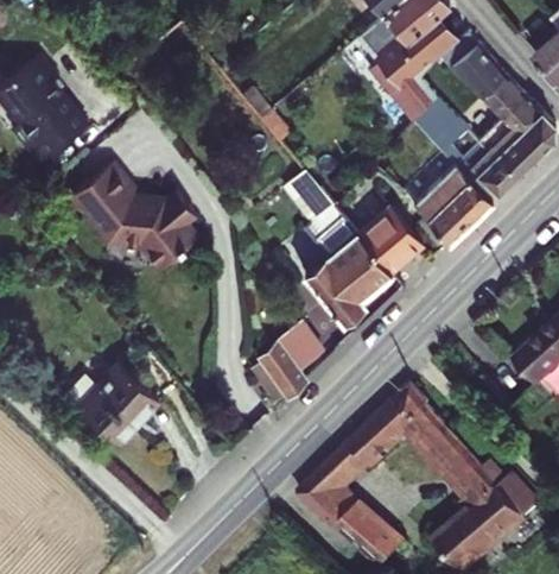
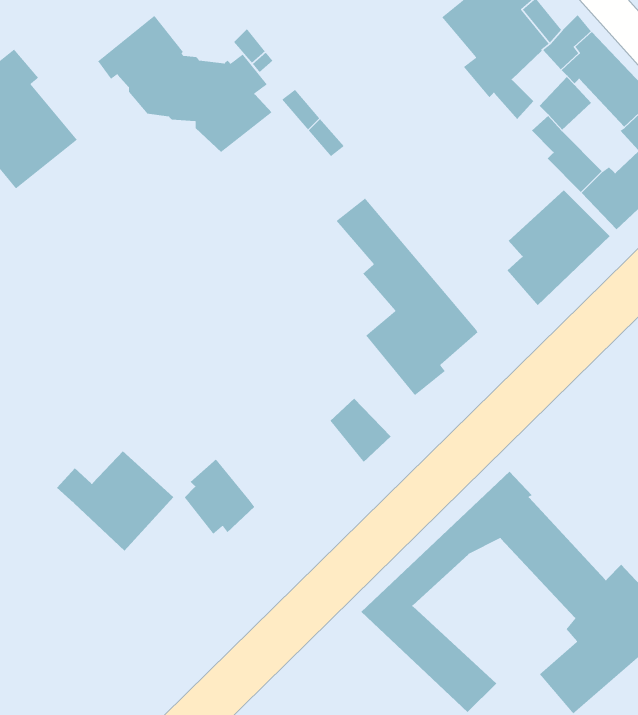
building: [65,164,199,270] -> [97,15,272,153]
building: [356,207,420,273] -> none
building: [250,343,305,402] -> [184,459,255,535]

